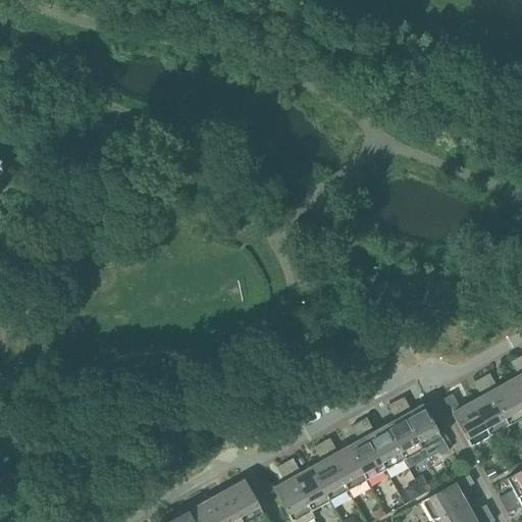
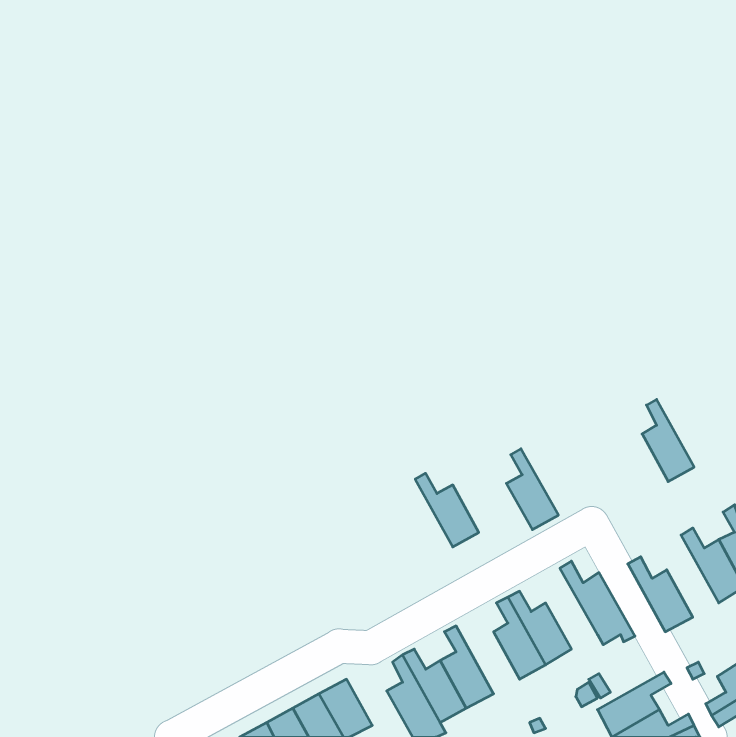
building: [472,378,509,436] -> [642,399,694,482]
building: [386,402,423,459] -> [506,449,558,530]
building: [323,438,368,490] -> [415,473,479,547]

